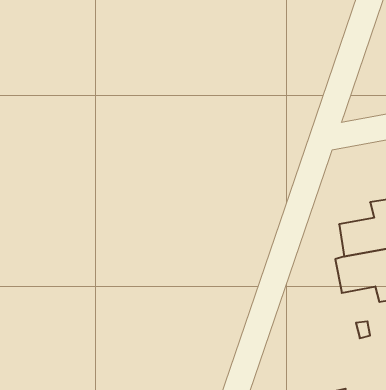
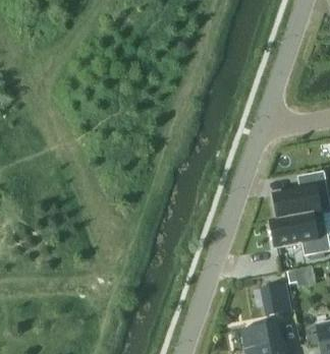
building: none -> [261,283,290,314]

